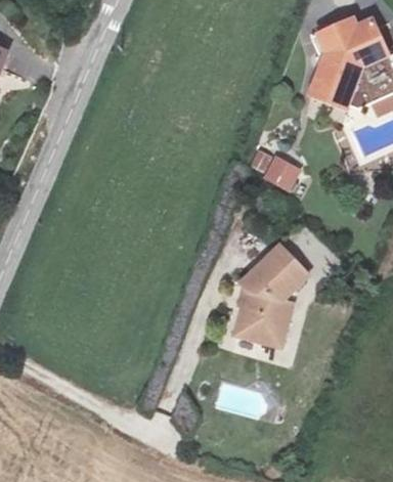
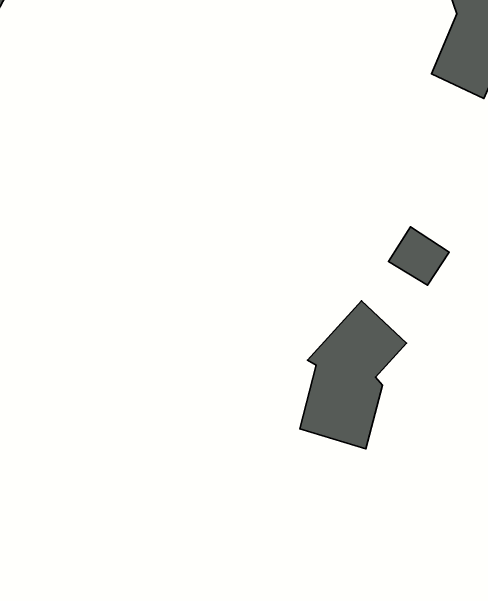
building: [266,151,307,190] -> [388,227,449,285]

